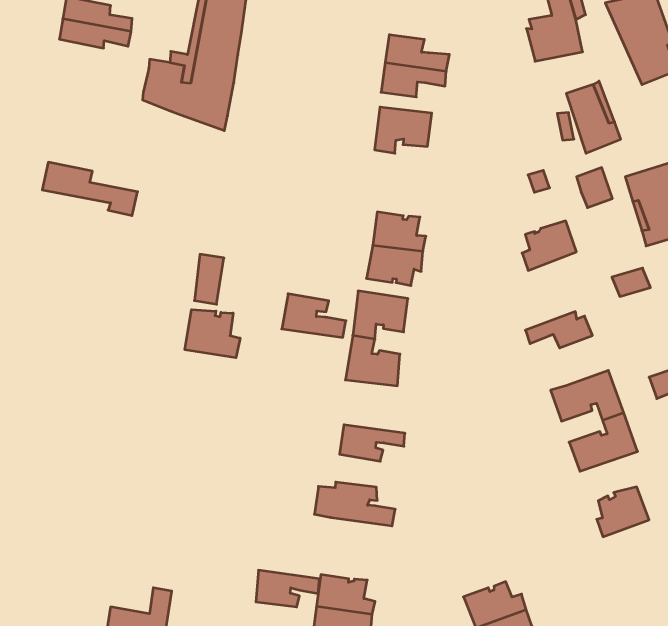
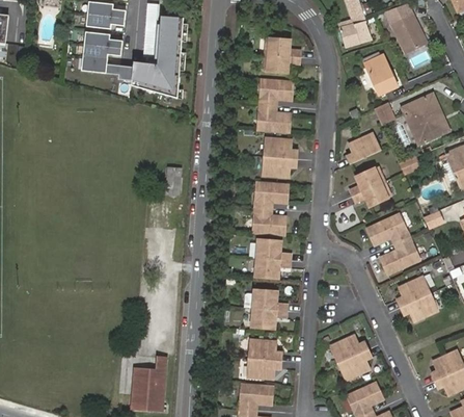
building: none -> [258,102,288,129]
building: [42,162,138,216] -> [79,54,132,80]
building: none -> [348,165,381,196]
building: [282,294,346,337] -> [255,236,291,258]
building: [185,310,240,358] -> none
building: none -> [404,295,436,321]
building: [256,570,319,607] -> [252,308,286,327]

